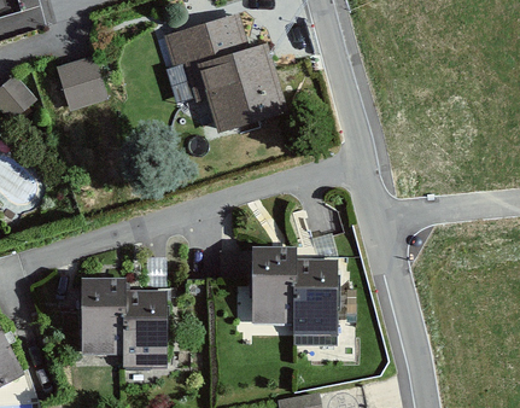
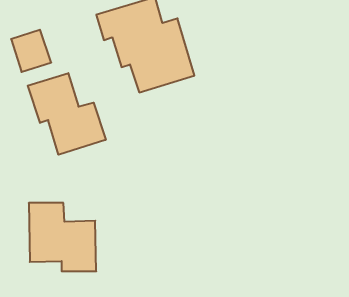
building: none -> [28,73,106,155]
building: [252,246,339,348] -> none

